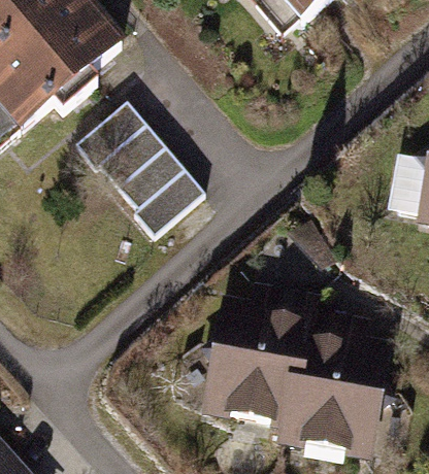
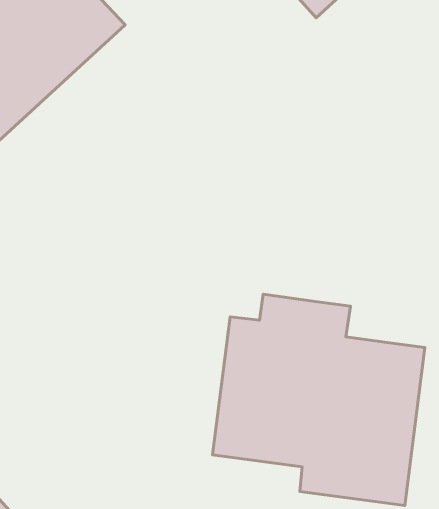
building: [77,100,204,233] -> none

